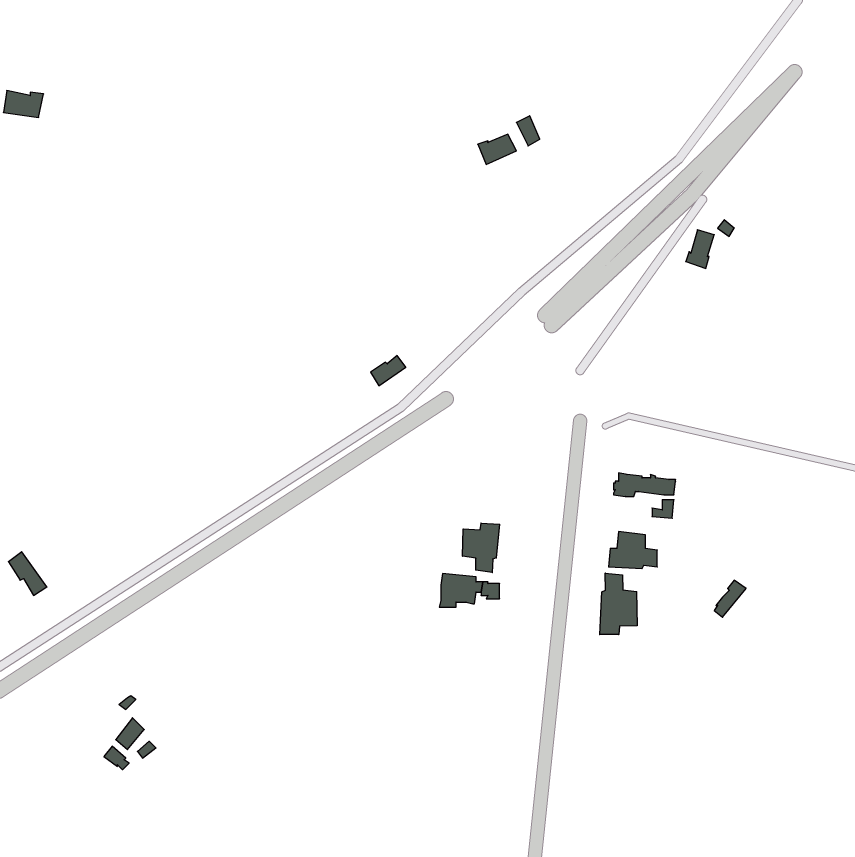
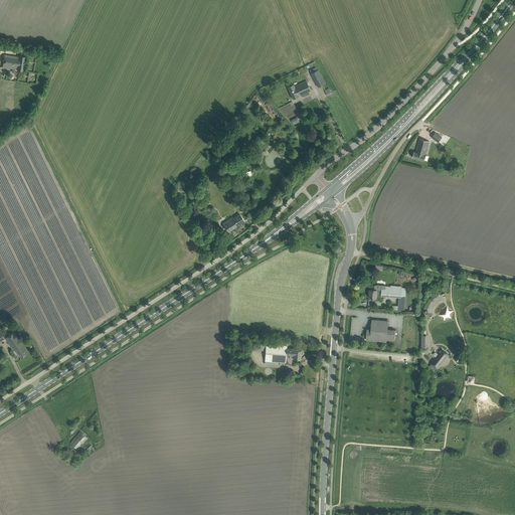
building: [463,523,500,573] -> none
building: [600,573,637,635] -> none

